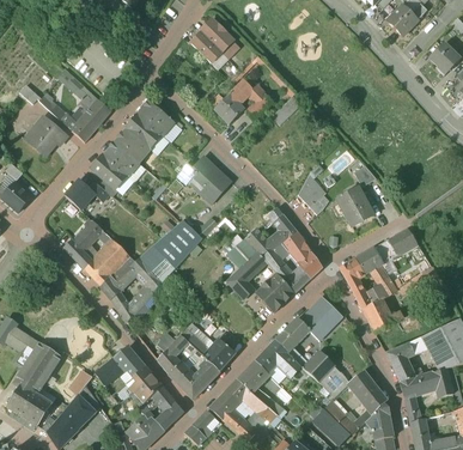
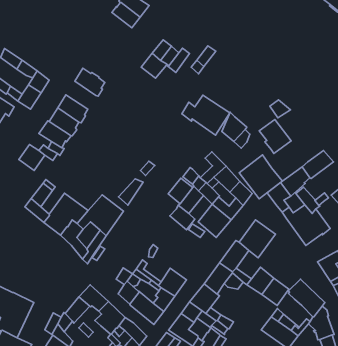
building: [126,114,160,147] -> none
building: [177,156,231,202] -> [182,95,230,135]
building: [153,221,193,267] -> none
building: none -> [239,155,282,199]

